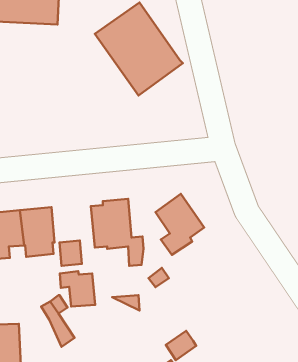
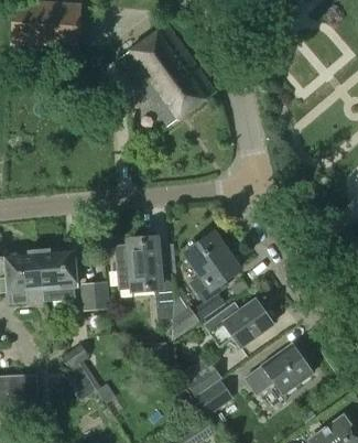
building: none -> [204,299,273,347]
building: [60,271,95,307] -> none
building: none -> [245,344,312,393]
building: none -> [181,364,220,395]

